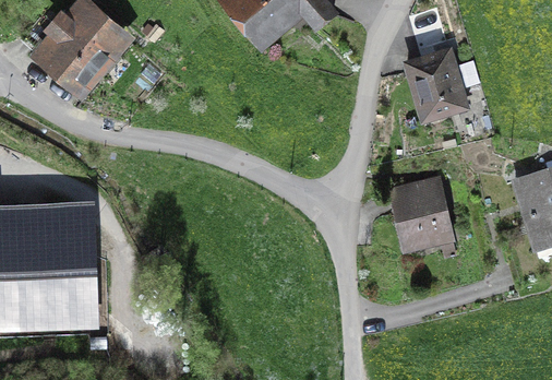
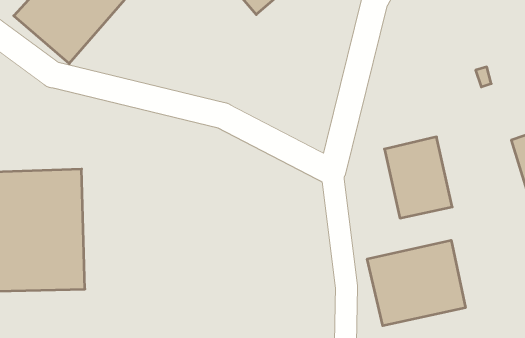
building: [403,46,470,124] -> none
building: none -> [367,240,465,326]

